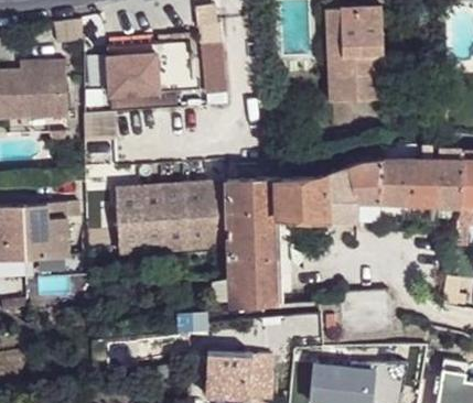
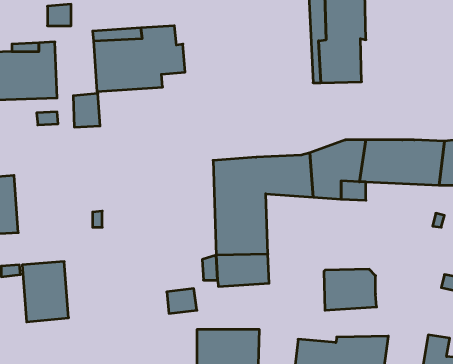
building: [201,24,227,95] -> none
building: [115,182,227,252] -> none
building: [21,194,68,255] -> [22,262,69,322]

